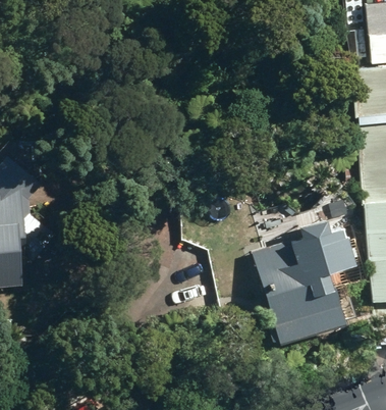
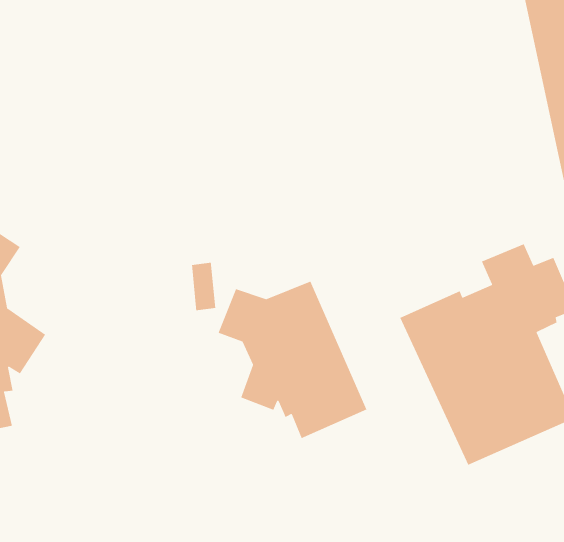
building: none -> [217,281,368,439]

